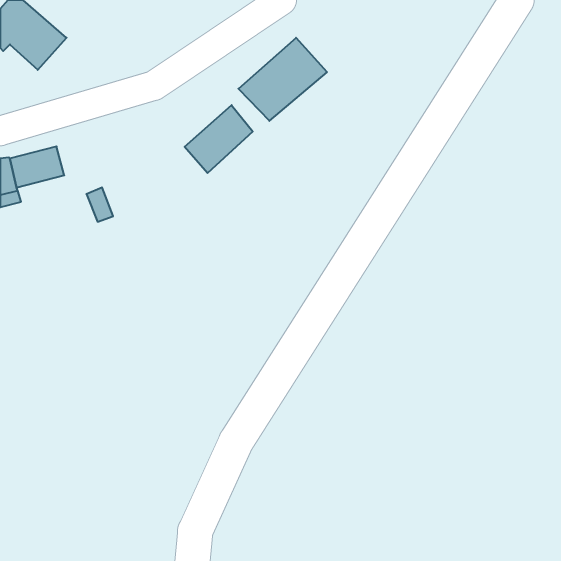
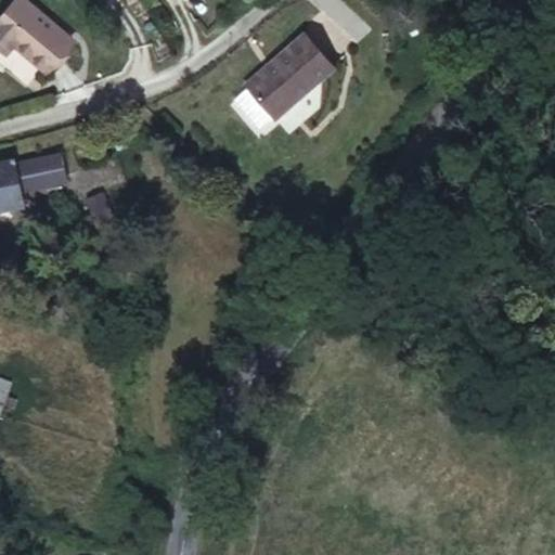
building: [185,105,253,173] -> none

